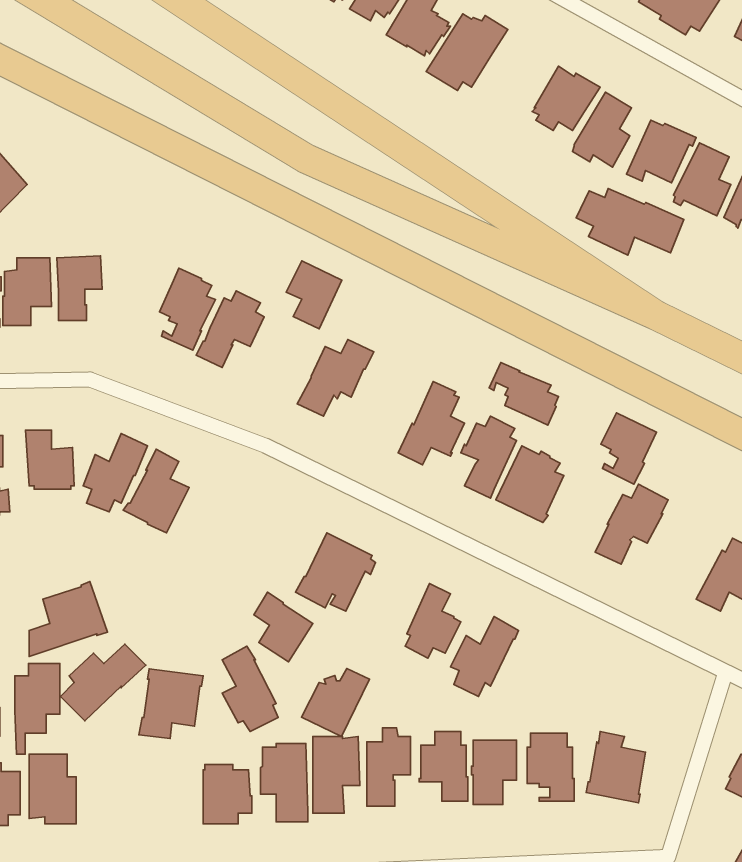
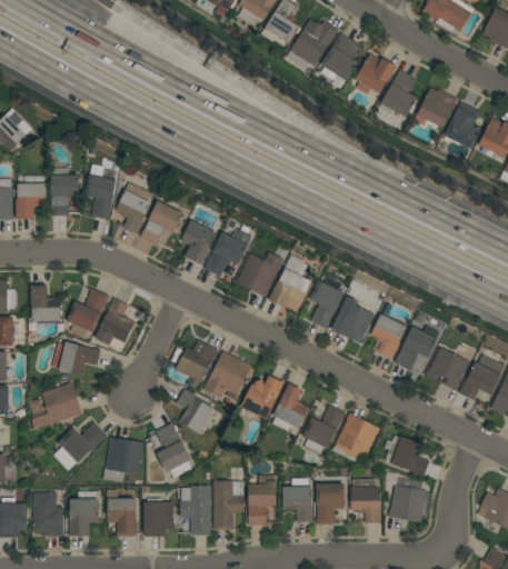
building: none -> [320,33,359,81]
building: [576,189,684,255] -> none
building: none -> [84,164,116,220]
building: [286,261,342,329] -> [180,221,216,264]
building: [489,362,558,425] -> none
building: none -> [235,252,283,298]
building: [601,413,657,484] -> [370,315,406,360]
building: none -> [176,340,218,391]
building: none -> [51,342,100,376]
building: none -> [425,347,469,391]
building: none -> [331,413,379,462]
building: [15,664,60,754] -> [69,491,98,549]
building: none -> [388,436,429,477]
building: [302,669,370,736] -> [240,376,283,419]
building: none -> [107,490,137,536]

